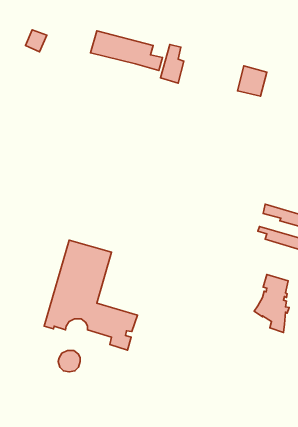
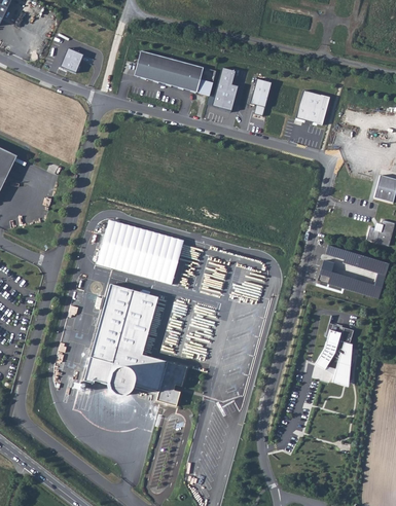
building: none -> [250,76,272,114]
building: none -> [97,220,183,285]
building: [58,350,80,372] -> [106,371,131,395]

